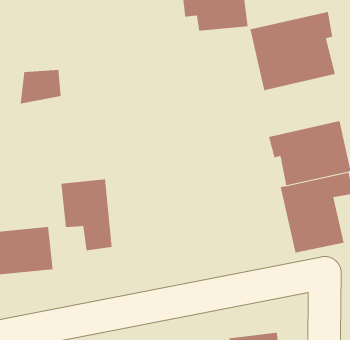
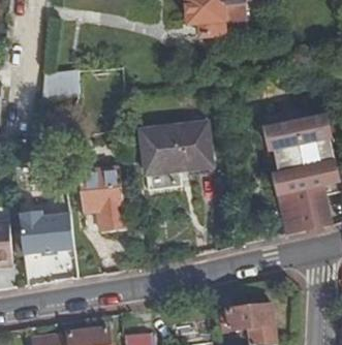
building: [250,11,335,92] -> none
building: none -> [139,121,212,174]

